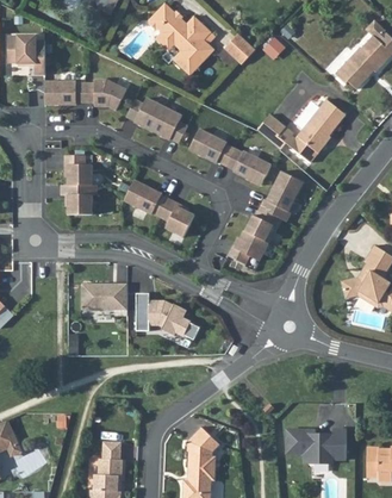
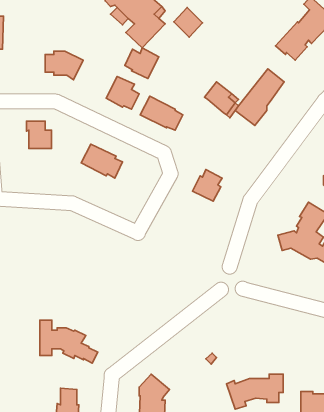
building: [45,80,86,104] -> none
building: [127,97,164,130] -> [125,48,159,79]
building: [228,148,273,185] -> none
building: [261,170,305,222] -> none
building: [62,185,98,214] -> none
building: [162,199,195,236] -> none
building: [229,230,269,264] -> none
building: [75,284,123,310] -> none
building: [137,293,200,340] -> [40,320,98,363]

